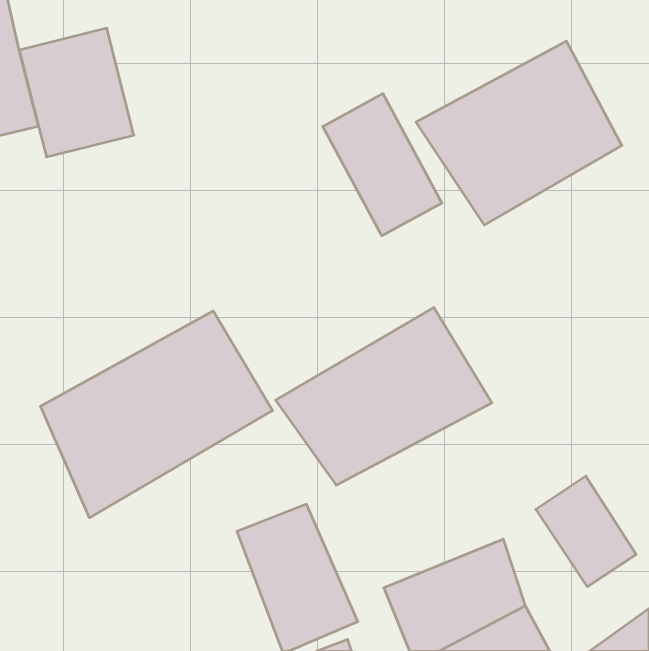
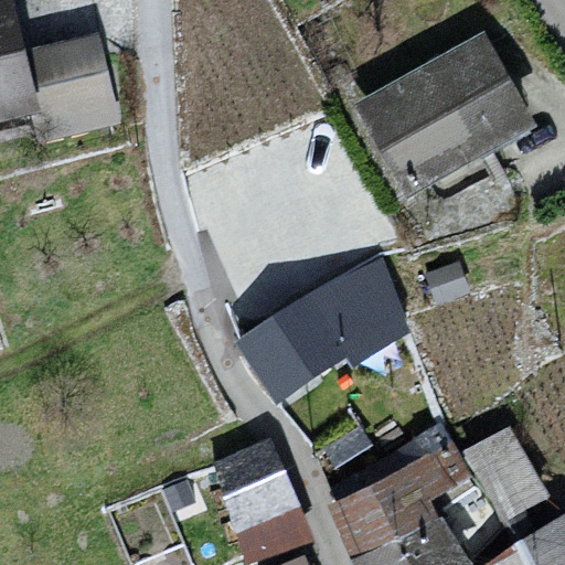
building: [323,94,442,236] -> none
building: [40,311,273,518] -> none

